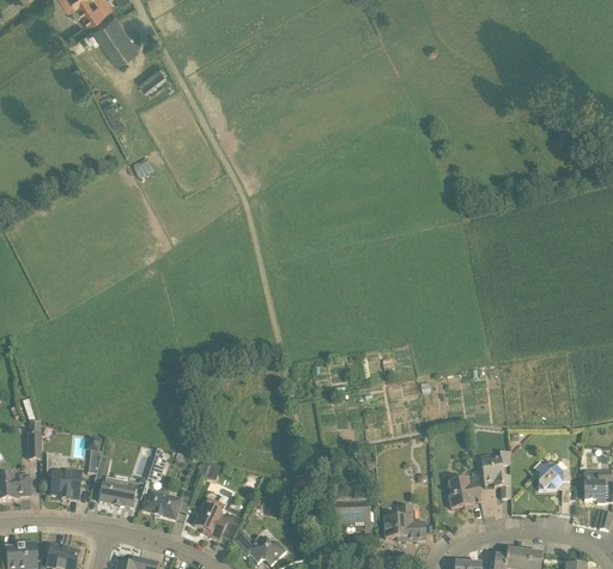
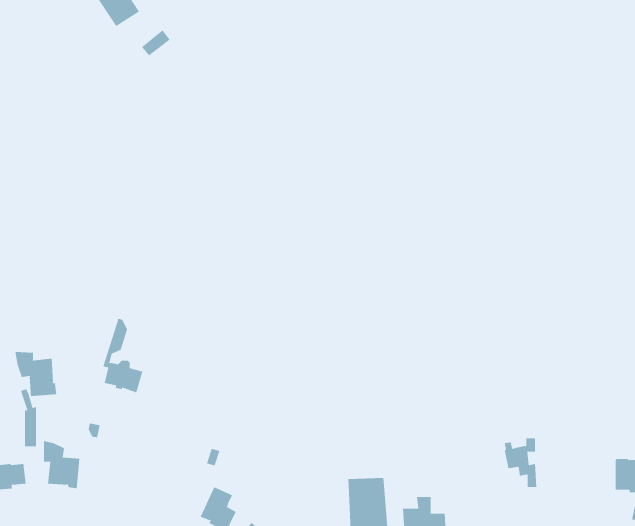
building: none -> [15,351,57,397]
building: [141,448,180,519] -> [102,318,143,393]
building: [93,455,135,507] -> none
building: [538,465,569,489] -> none
building: [448,474,480,508] -> none

